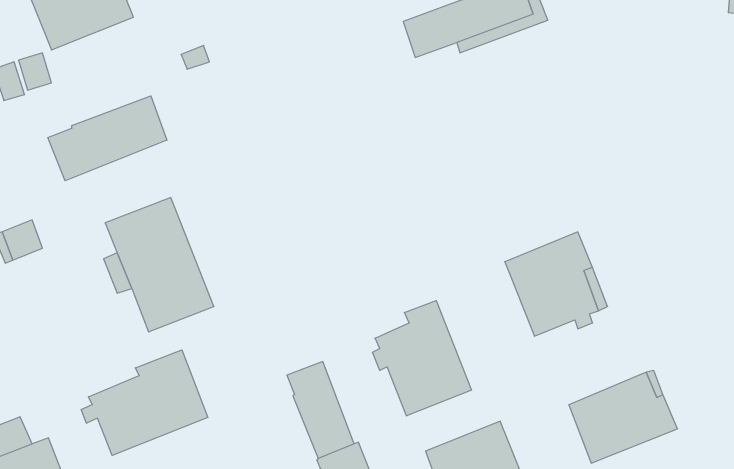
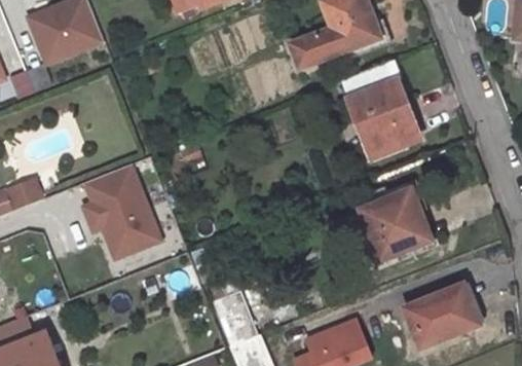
building: none -> [347,80,418,157]
building: [48,96,167,181] -> none
building: [372,301,471,416] -> none
building: [81,350,208,455] -> none

